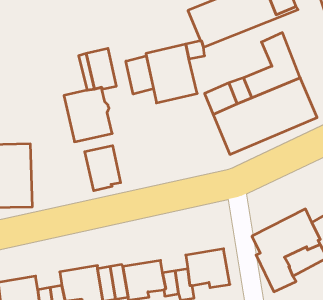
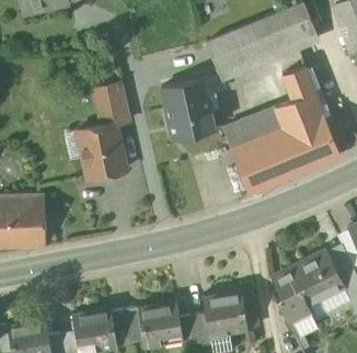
building: [126,56,153,94] -> none
building: [85,146,121,191] -> none

